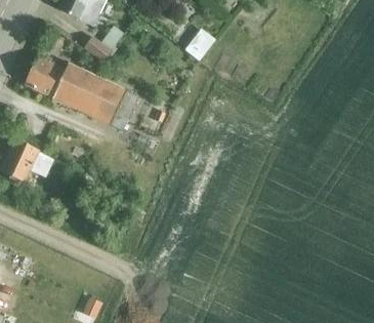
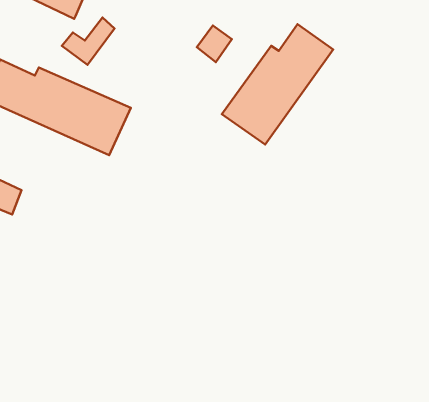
building: none -> [222,24,333,145]

